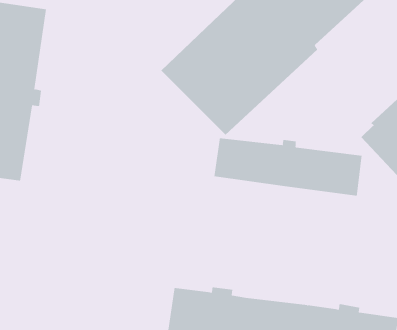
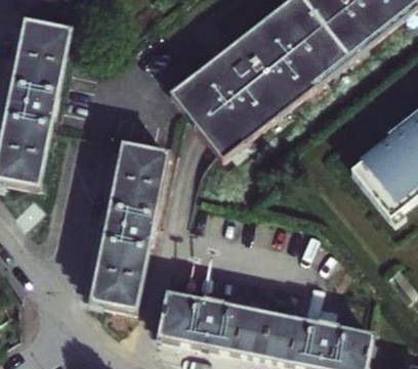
building: none -> [85,145,167,309]
building: [214,137,362,197] -> none

